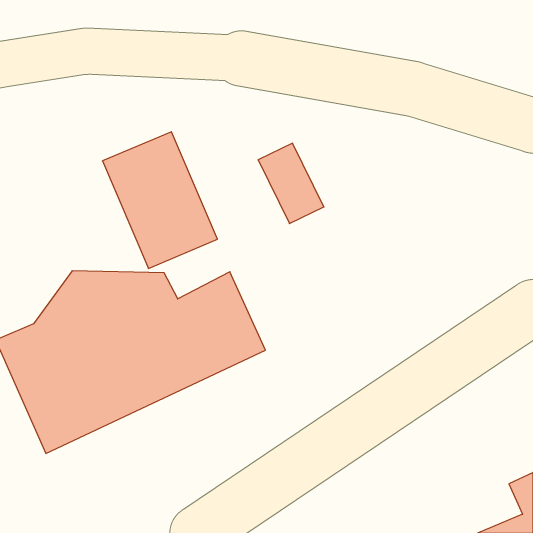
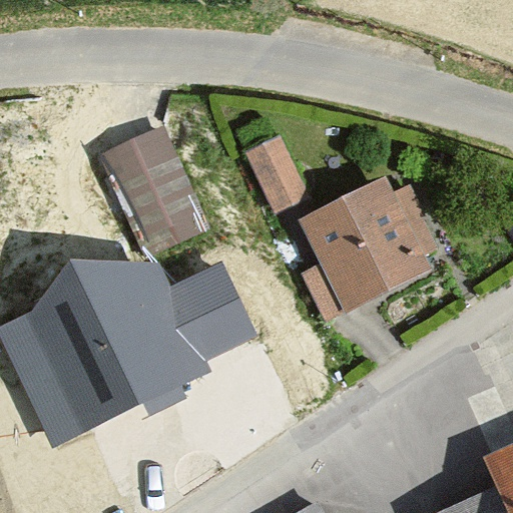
building: none -> [302,180,441,325]

